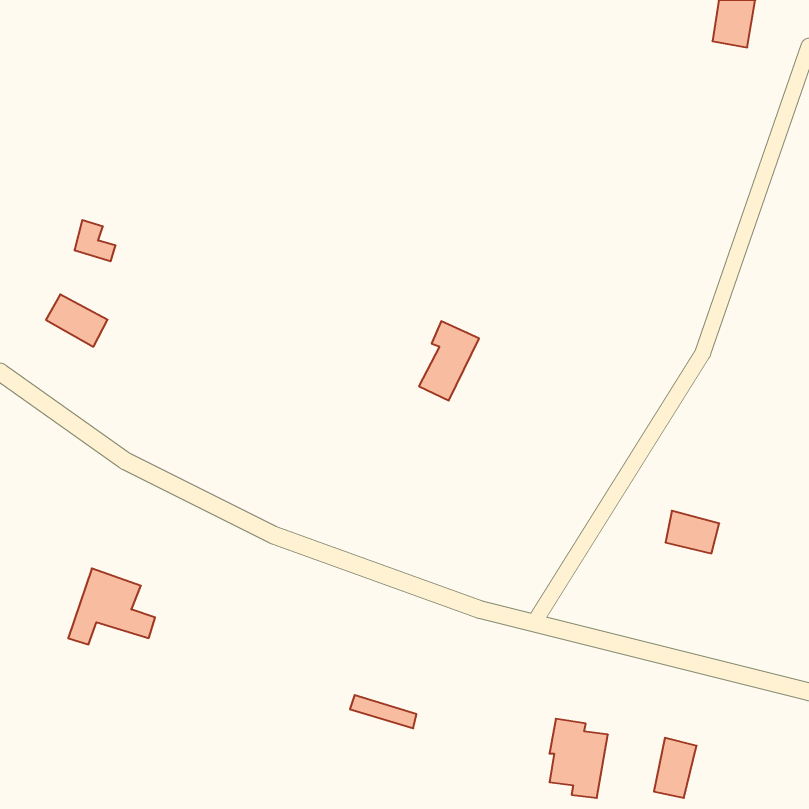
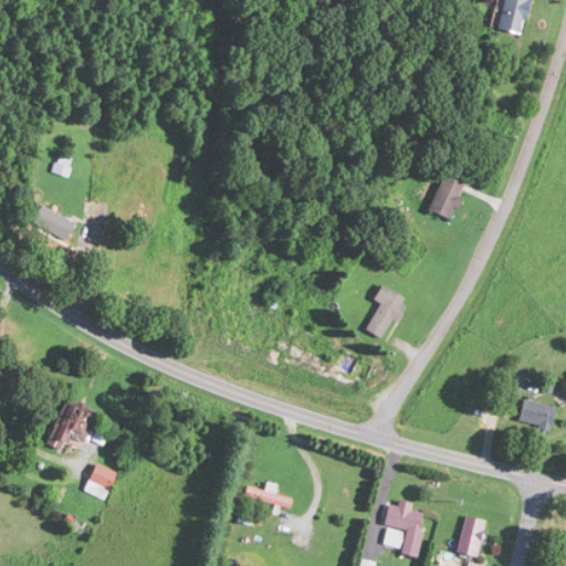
building: none -> [428,172,467,220]
building: [419,321,479,400] -> [365,285,407,340]
building: [665,511,719,553] -> [518,399,556,429]
building: none -> [84,463,117,501]

